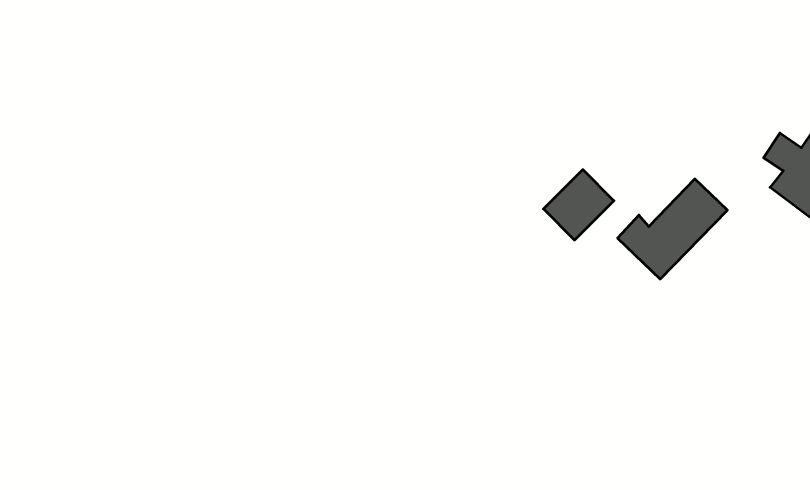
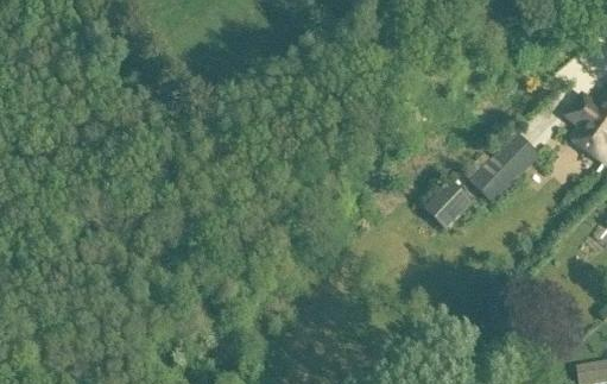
building: [543,170,614,240] -> [421,181,472,232]

